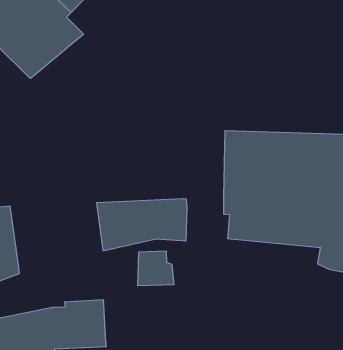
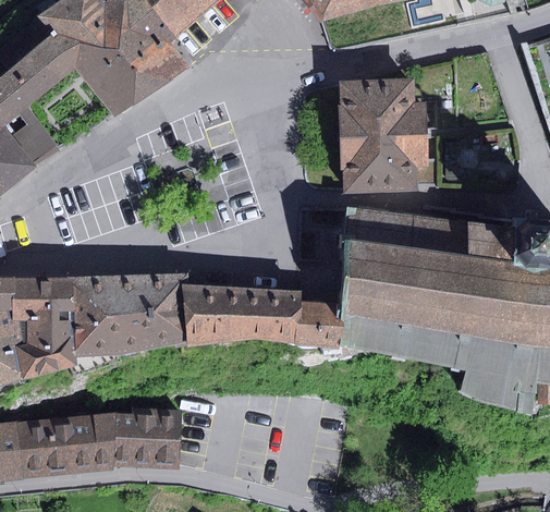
building: none -> [338,77,428,193]
building: none -> [73,273,186,357]
building: [138,251,174,286] -> [294,302,341,348]

